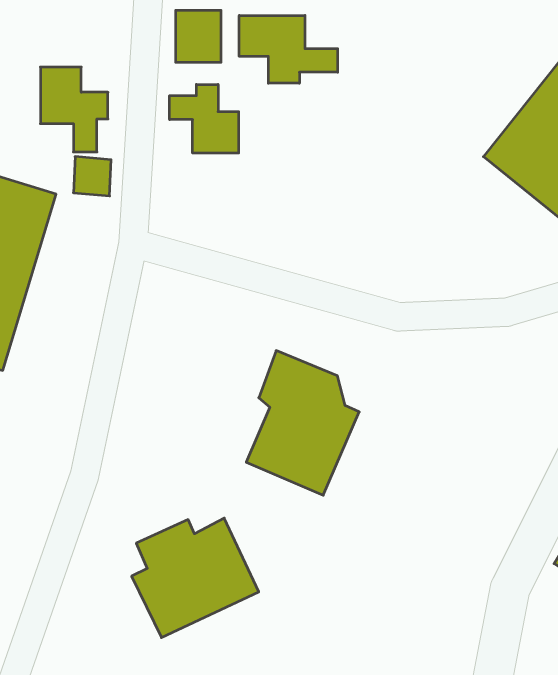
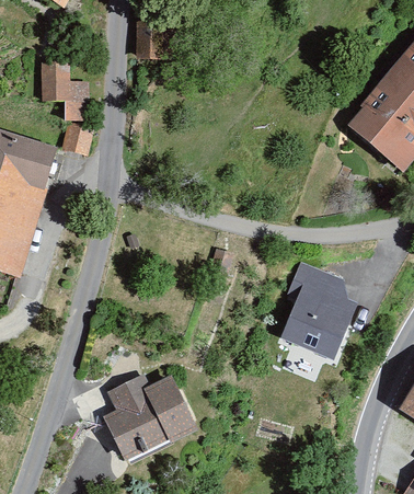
building: [239,15,338,83] -> none
building: [170,84,239,153] -> none
building: [246,351,359,495] -> [278,261,357,361]

